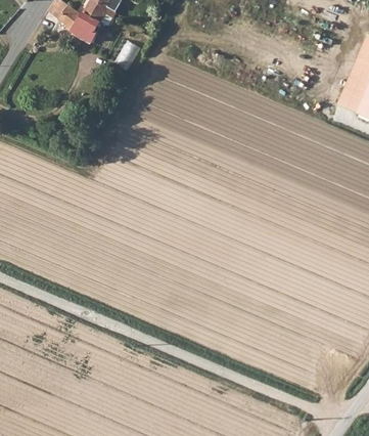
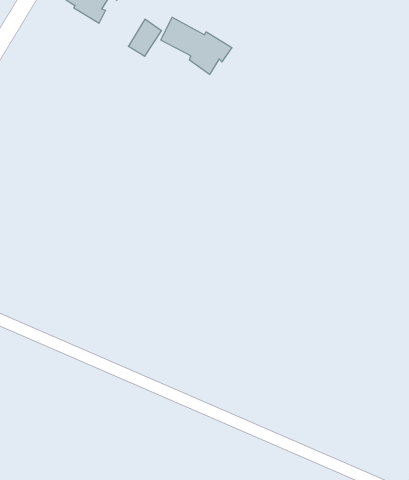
building: none -> [161,17,232,74]

